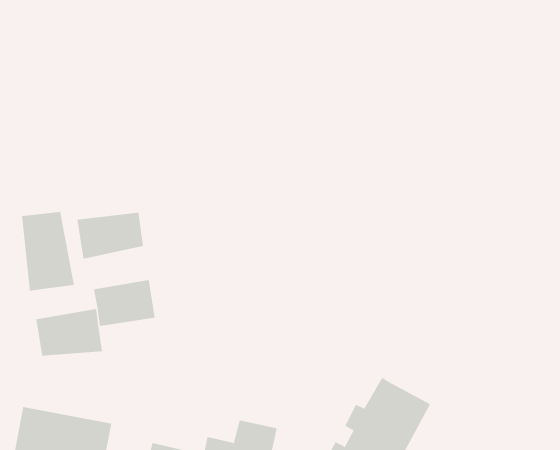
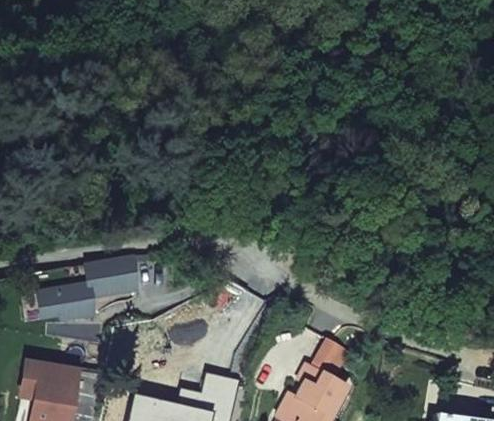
building: [21,211,75,292] -> none
building: [77,212,143,260] -> none

